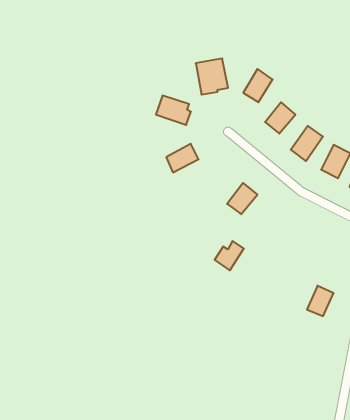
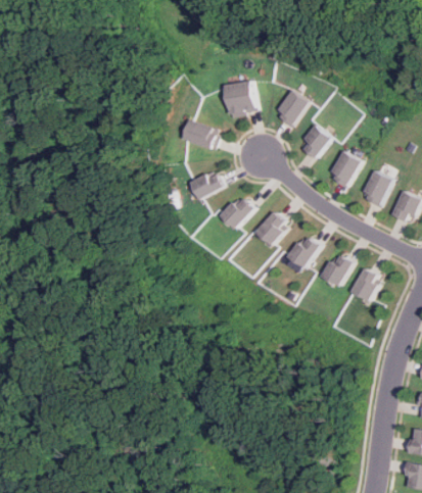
building: none -> [224,196,256,229]
building: none -> [322,256,353,287]
building: [215,241,244,270] -> [289,237,321,268]
building: [307,286,334,316] -> [353,268,381,301]

